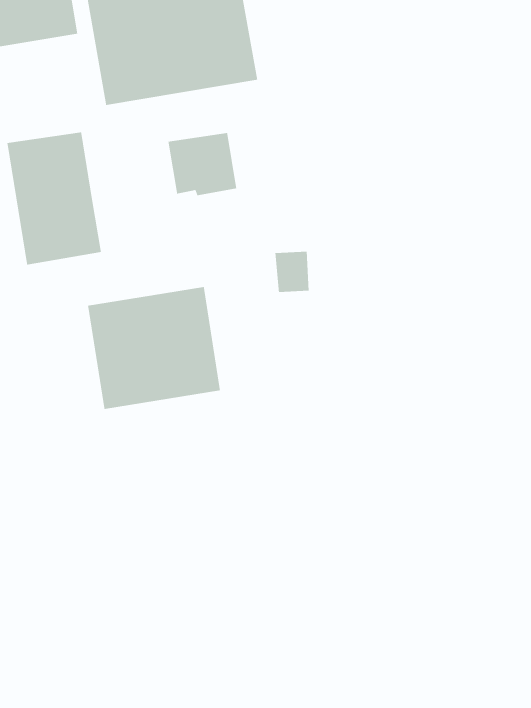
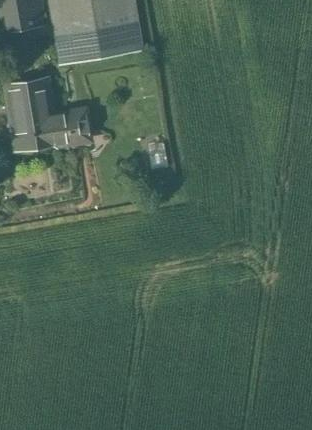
building: [167,132,237,196] -> [53,110,91,145]
building: [87,286,221,410] -> none

